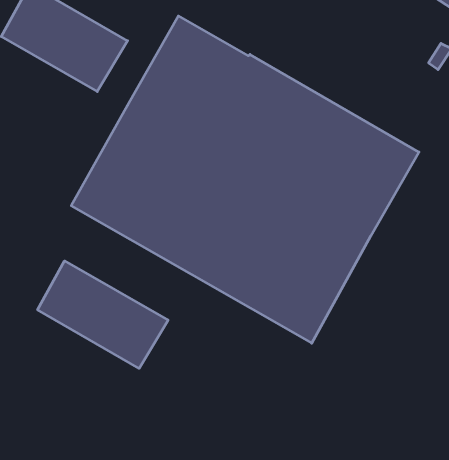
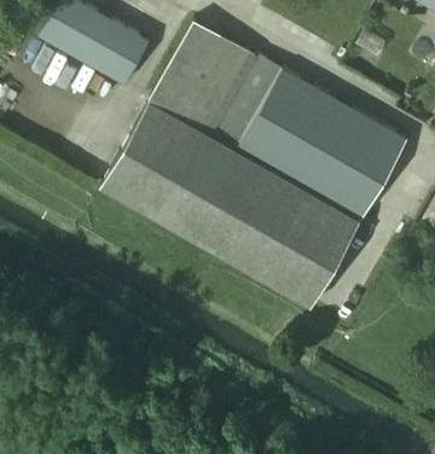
building: [38,261,168,368] -> none

